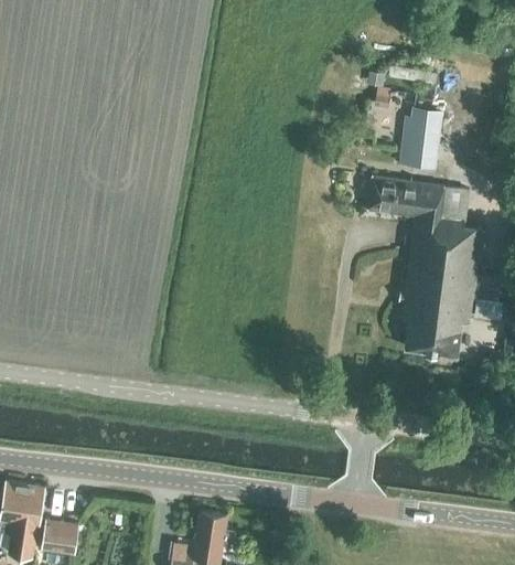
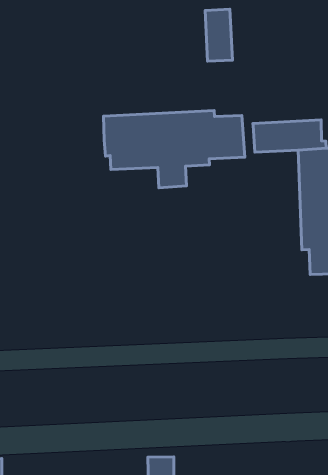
building: [407,110,440,168] -> [205,9,232,61]
building: none -> [104,110,245,188]

